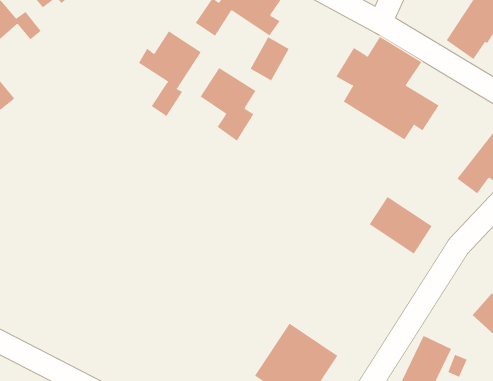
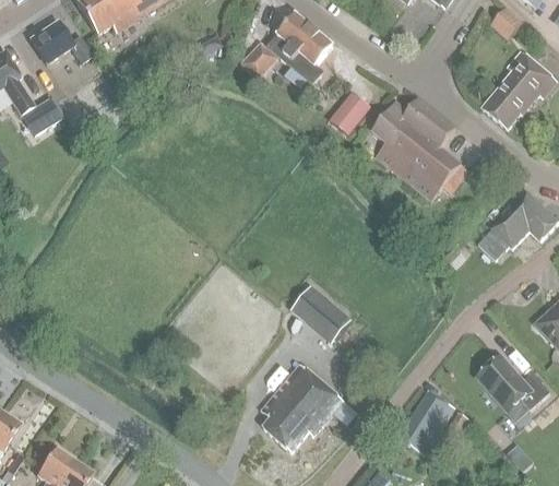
building: [138,30,201,117] -> none
building: [250,36,289,81] -> [330,92,370,135]
building: [200,67,256,142] -> none
building: [369,196,432,254] -> [290,286,352,345]

